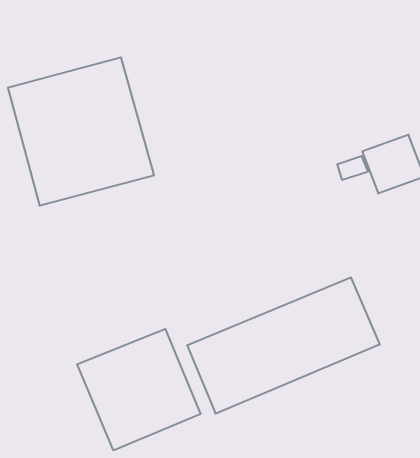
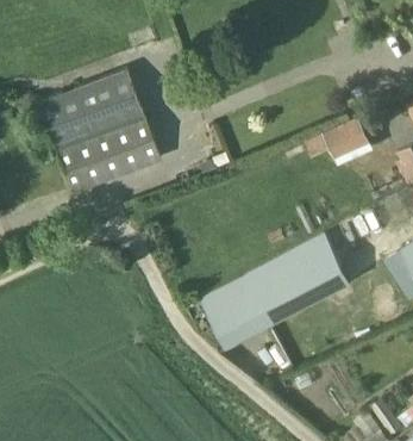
building: [77,329,200,450] -> none

